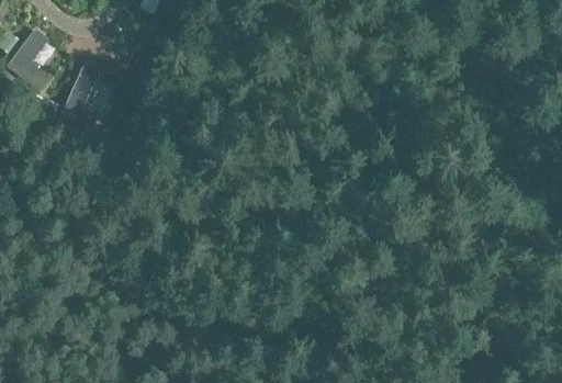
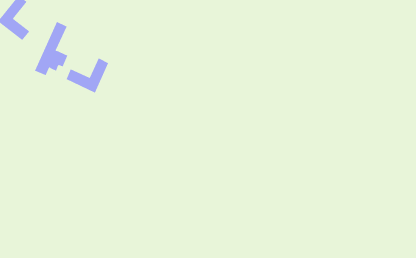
building: none -> [66,57,109,93]

